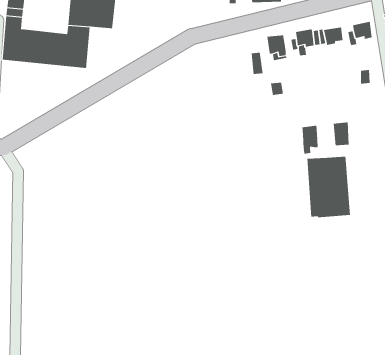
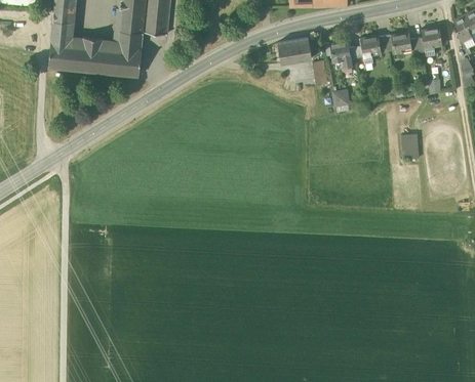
building: none -> [277,37,312,62]
building: [302,125,318,154] -> none
building: [307,156,351,218] -> none

